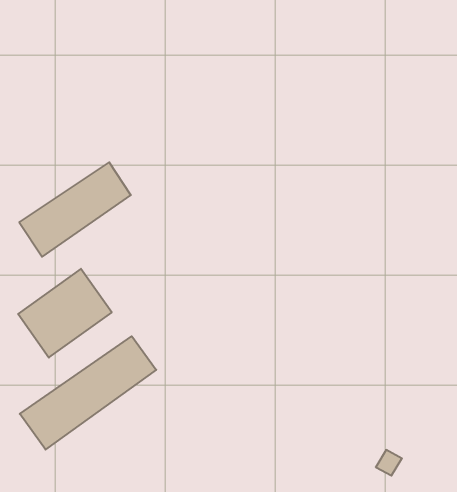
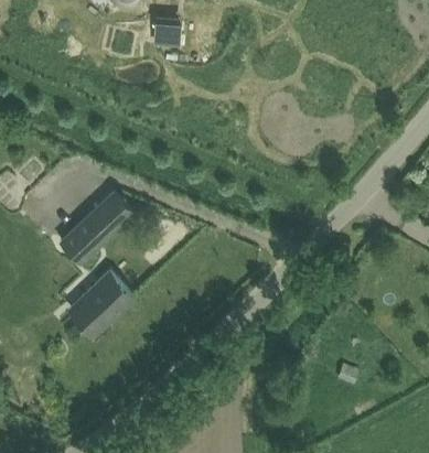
building: [20,336,156,450] -> none

